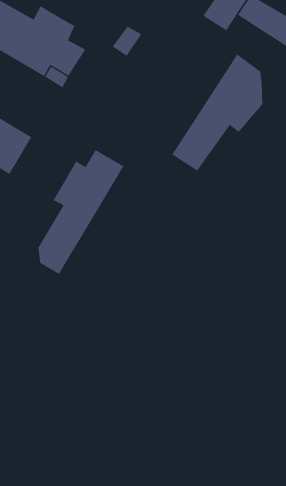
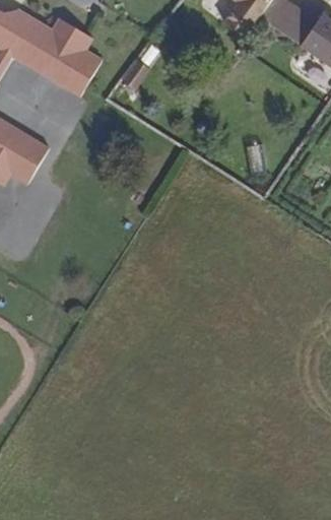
building: [171,53,263,171] -> none
building: [38,149,124,275] -> none

